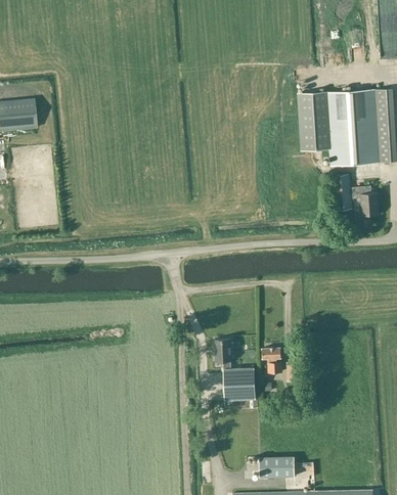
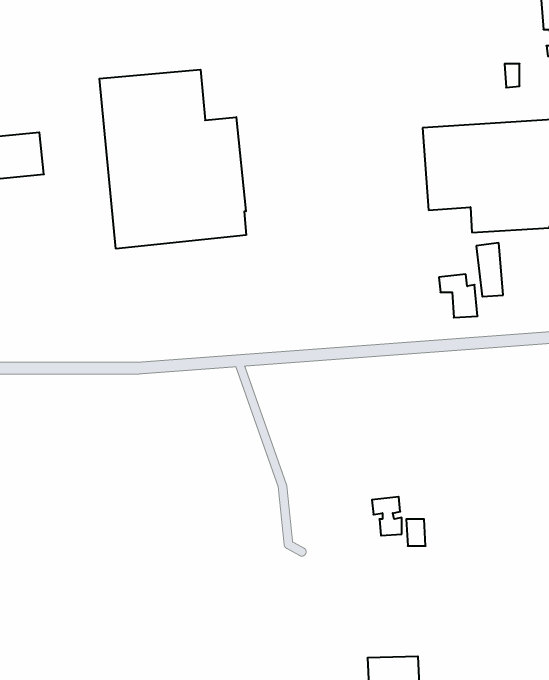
building: none -> [99,70,246,249]
building: [352,185,379,215] -> [439,274,478,318]
building: [215,339,255,400] -> none

